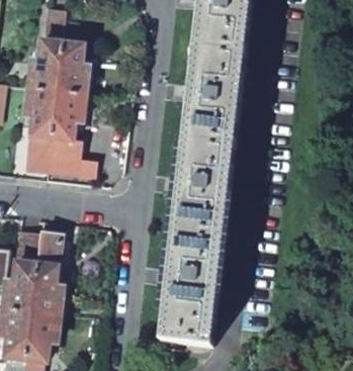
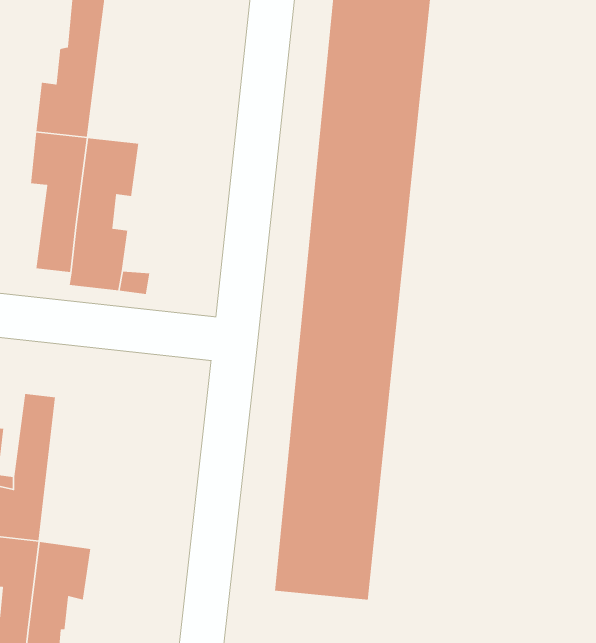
building: [59,43,90,94] -> none
building: [32,233,64,315] -> none

